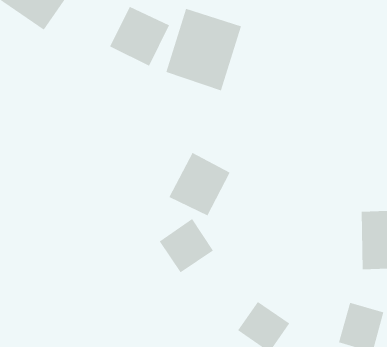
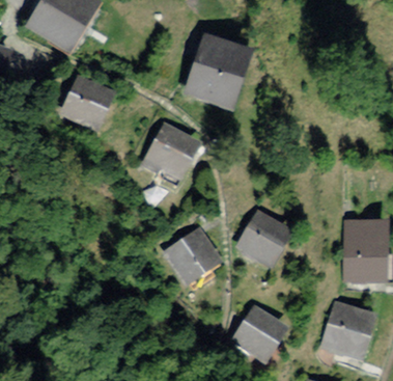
building: [109,6,170,67] -> [55,76,111,132]
building: [169,152,230,216] -> [139,123,196,182]
building: none -> [254,218,296,260]

